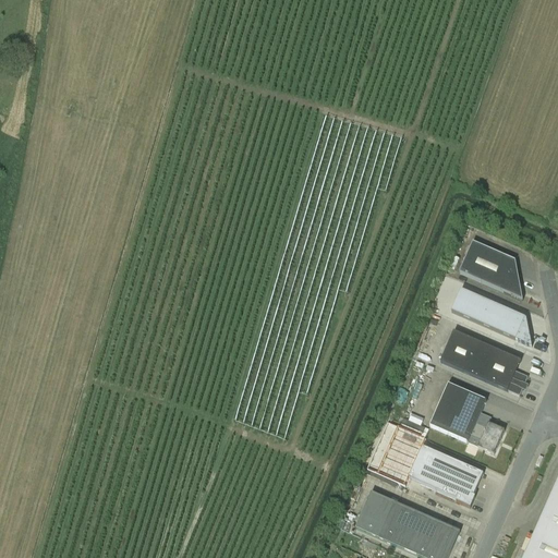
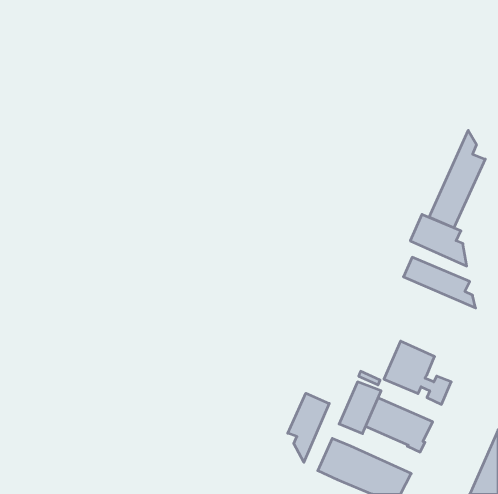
building: none -> [429,130,485,228]
building: [440,329,527,393] -> none
building: none -> [288,393,329,462]

